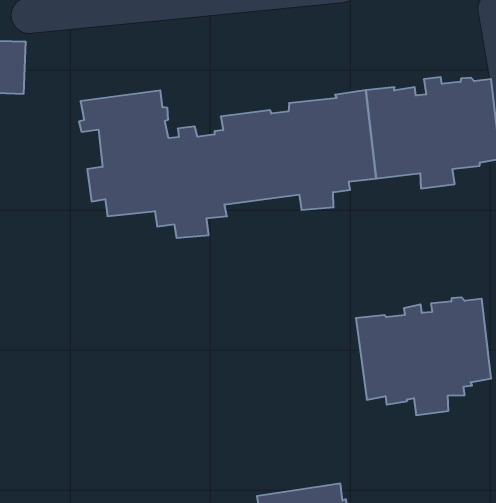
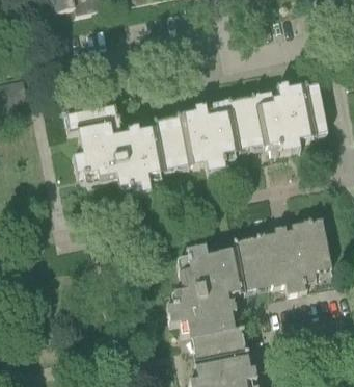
building: none -> [166,237,255,352]

